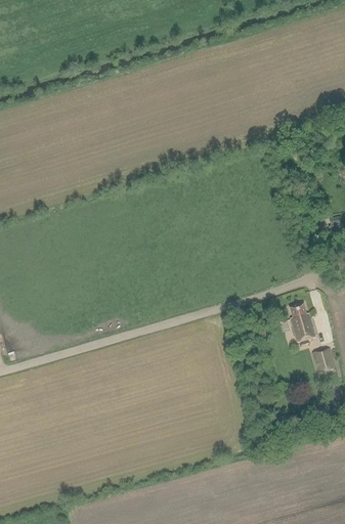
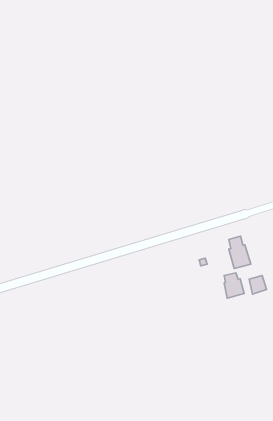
building: none -> [224,273,244,298]

